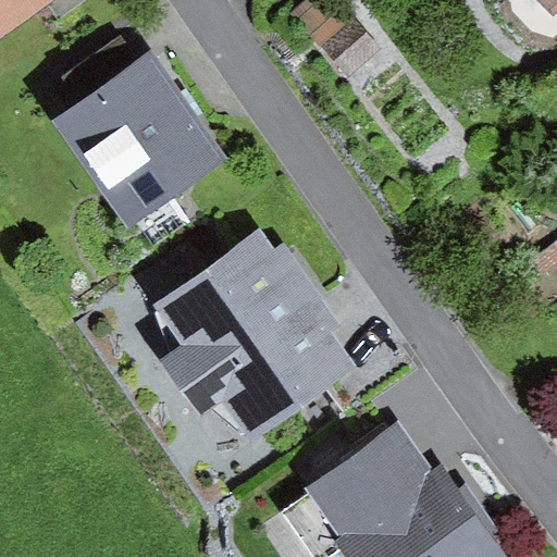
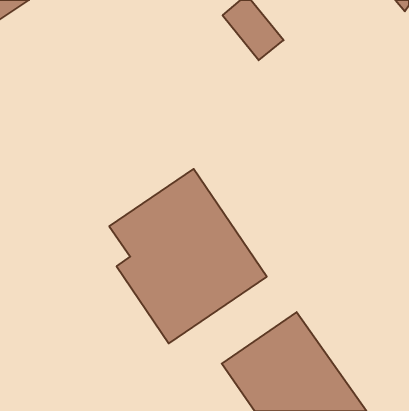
building: [59,54,220,216] -> none

